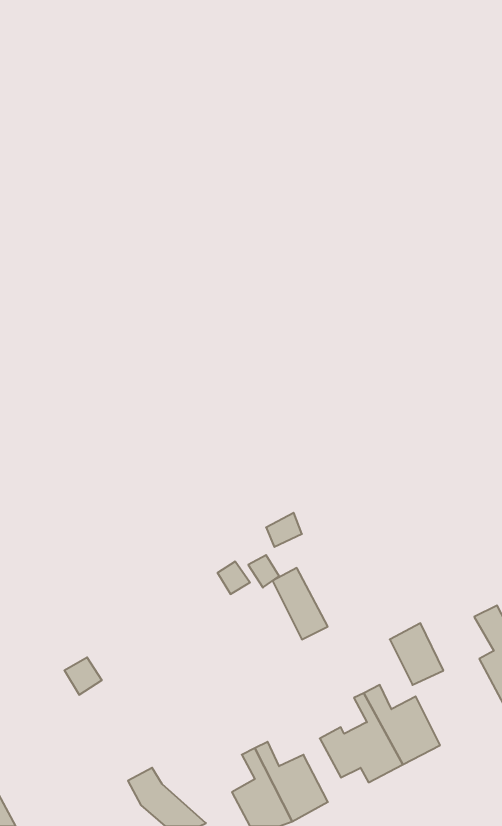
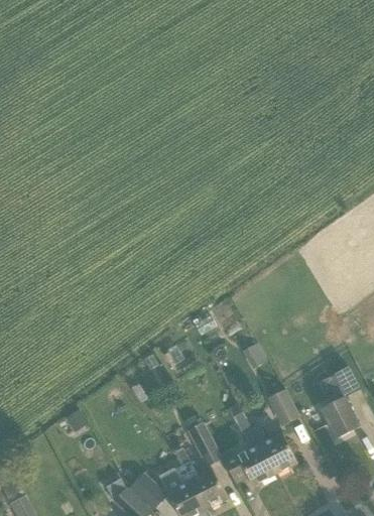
building: [272,568,328,639] -> [189,422,223,467]
building: none -> [130,473,167,509]

